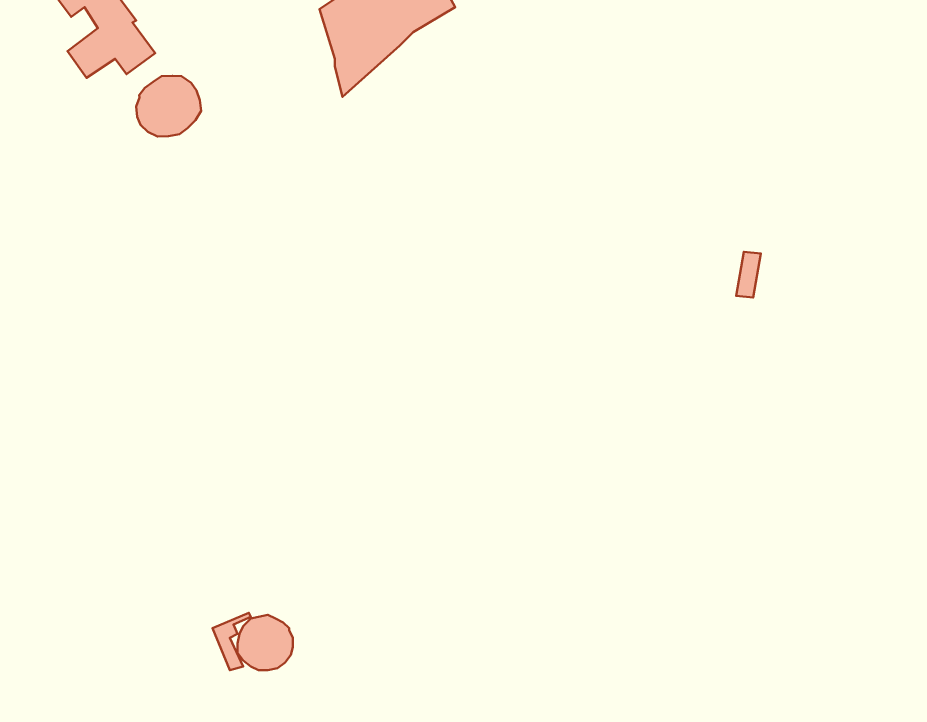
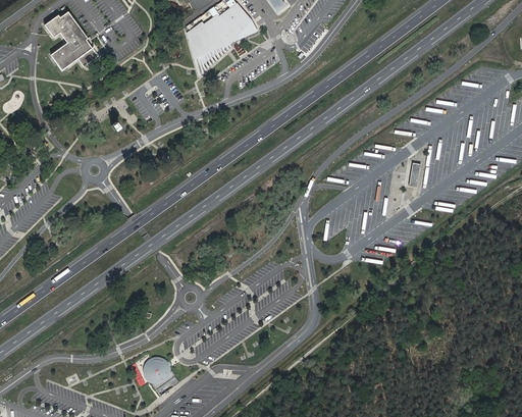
building: [136,76,201,136] -> none

